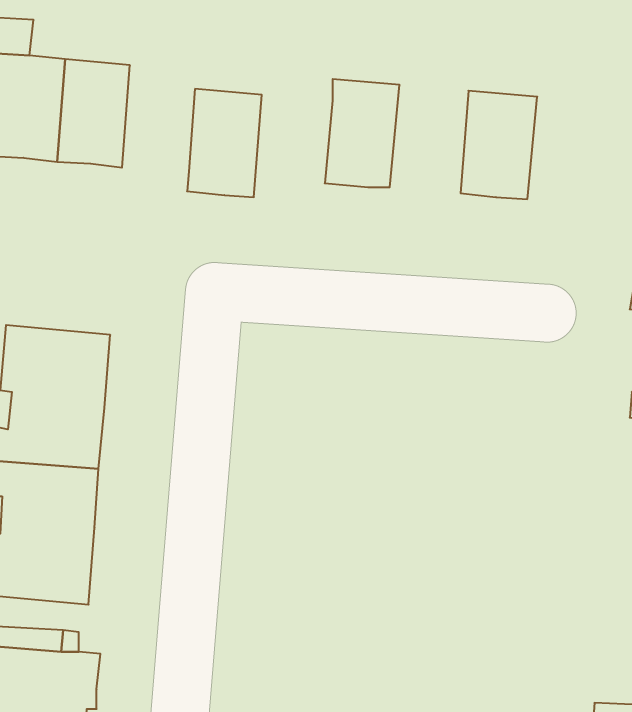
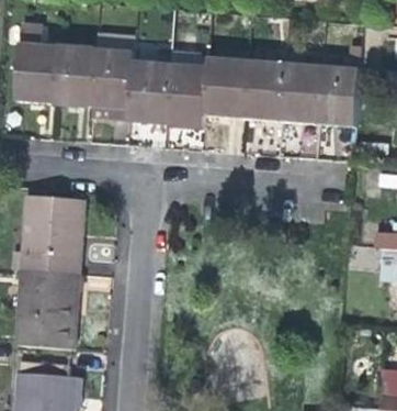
building: none -> [92,48,134,108]
building: none -> [241,59,285,120]
building: none -> [166,65,209,125]
building: none -> [318,66,360,126]

